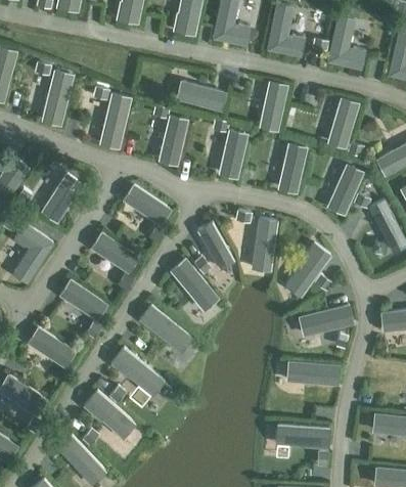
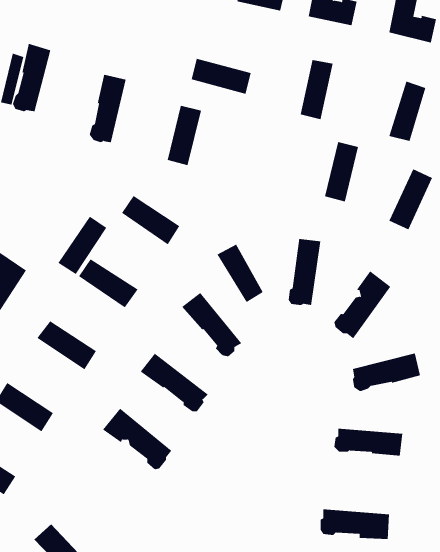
building: [220,131,246,177] -> none
building: [43,175,81,220] -> [57,216,107,275]
building: [84,391,134,437] -> none

